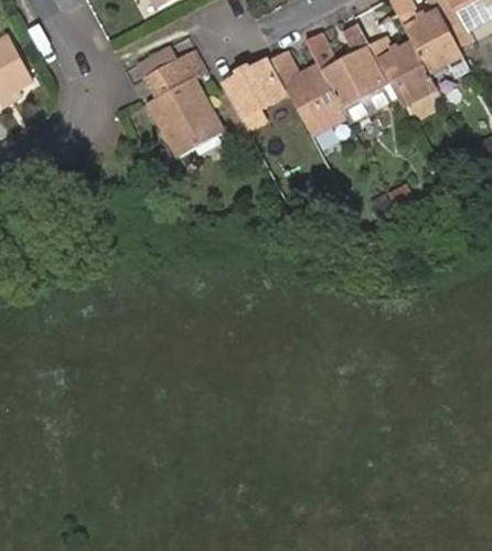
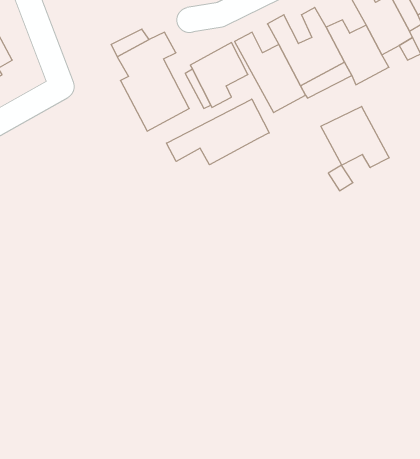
building: none -> [166,99,269,165]
building: none -> [321,106,389,168]

